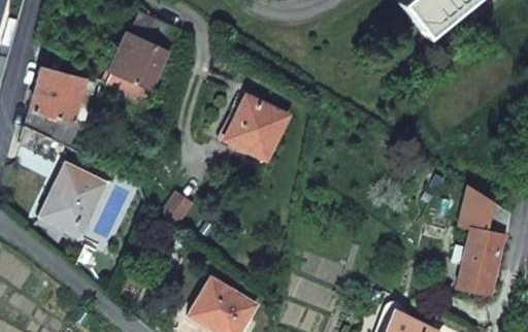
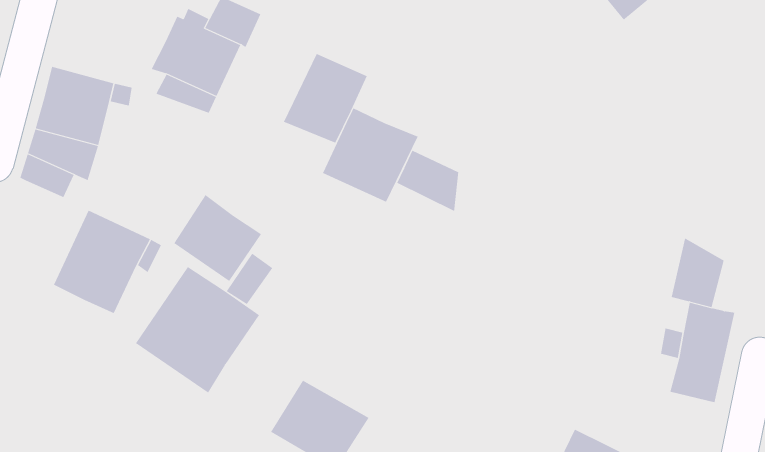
building: none -> [283,53,368,144]
building: none -> [397,150,459,212]
building: none -> [174,194,262,282]
building: none -> [135,266,260,393]

